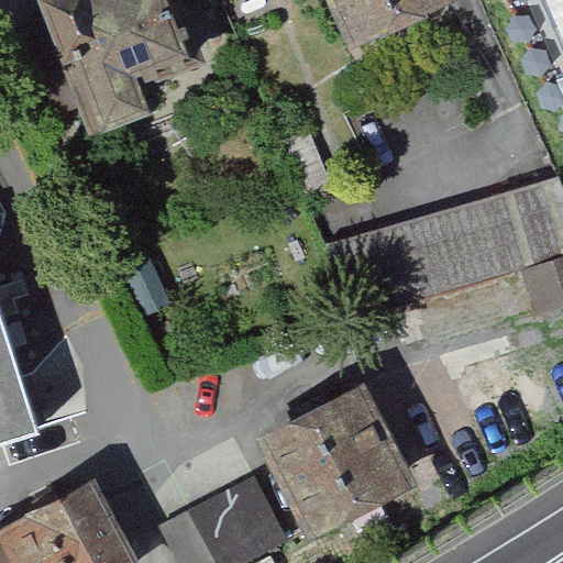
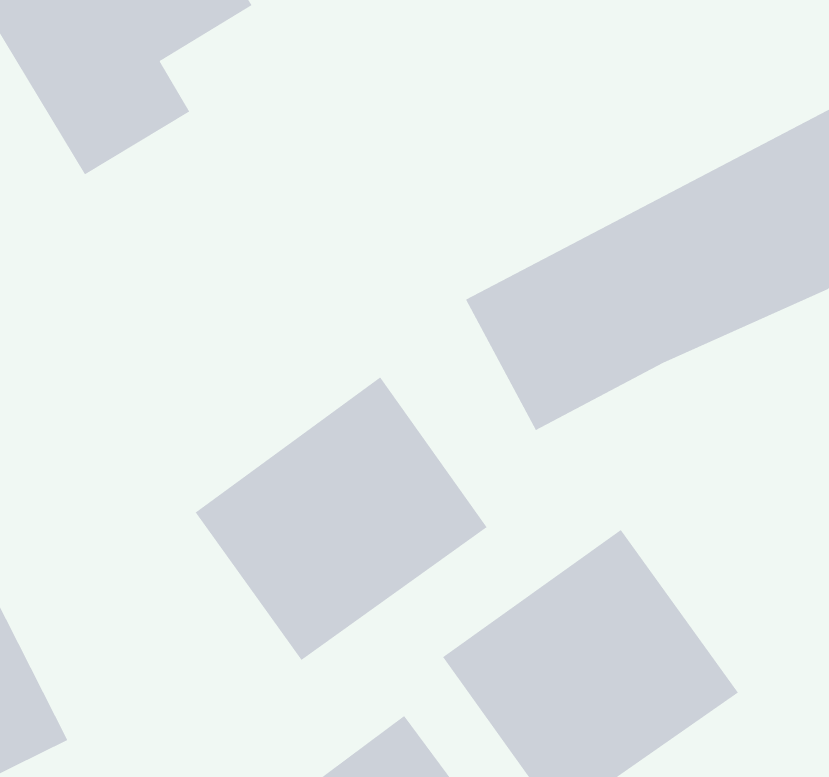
building: none -> [195,376,488,661]

